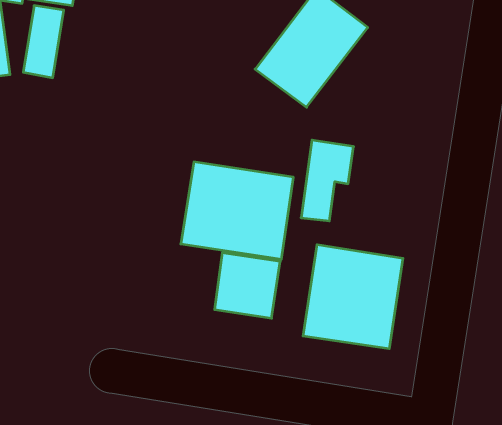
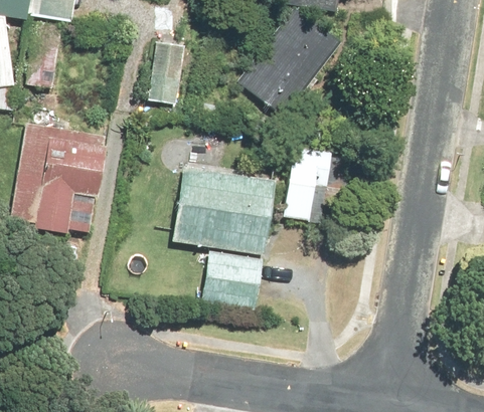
building: none -> [148,41,184,105]
building: none -> [9,123,106,234]
building: [303,245,403,349] -> none

